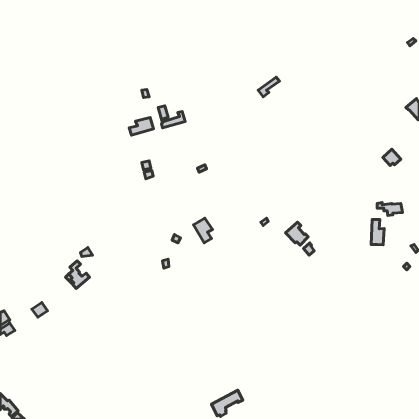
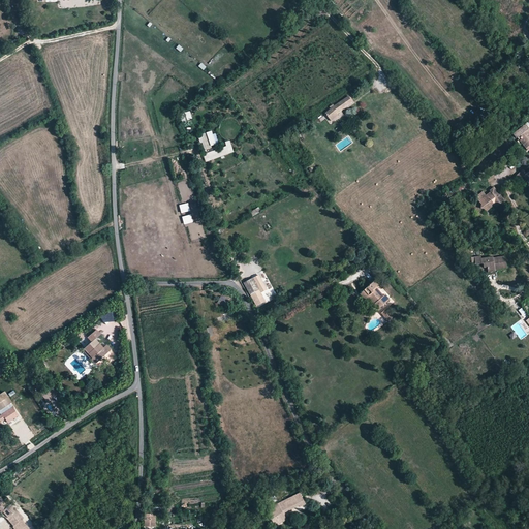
building: [129,118,154,135] -> none
building: [371,219,384,245] -> none

